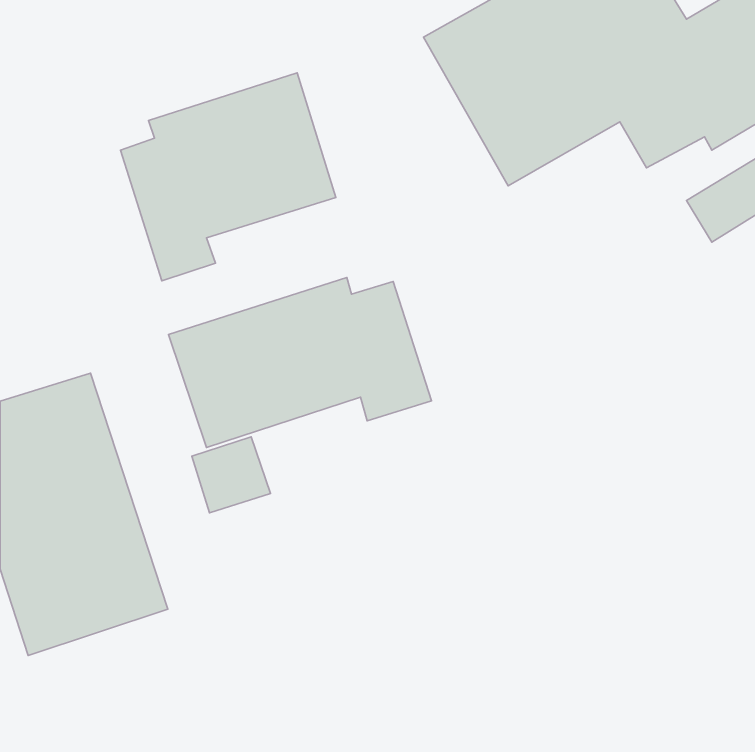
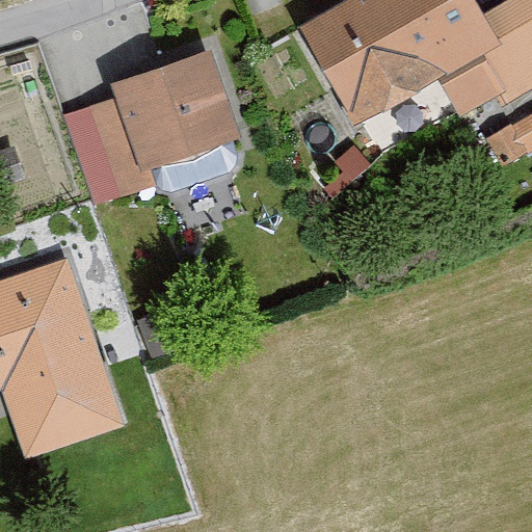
building: [169,278,432,448] -> none

